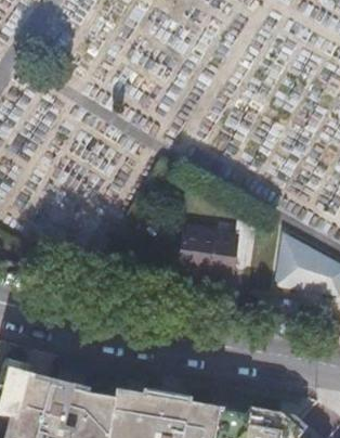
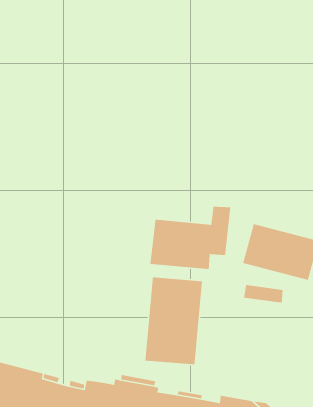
building: none -> [144,277,203,365]

